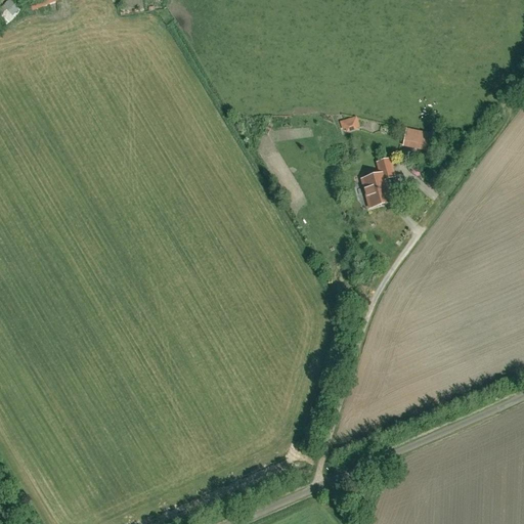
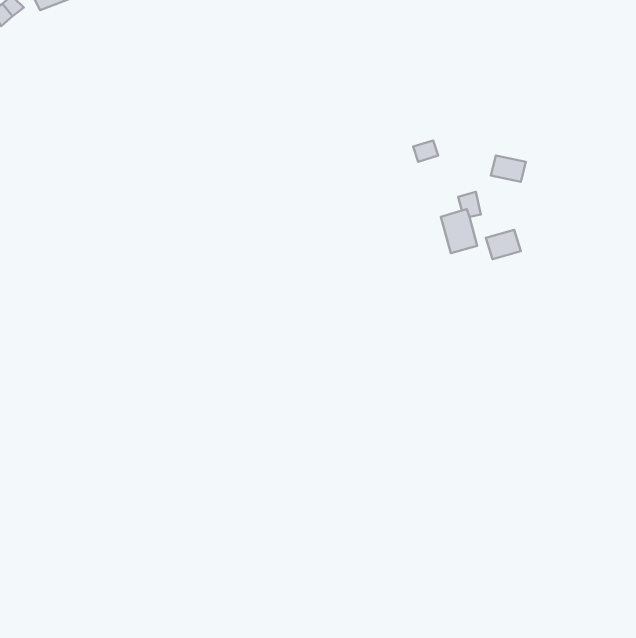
building: none -> [486,230,521,259]

